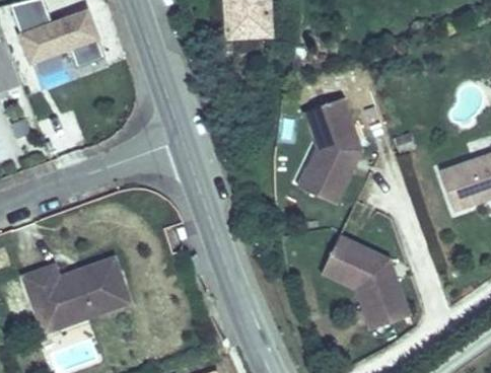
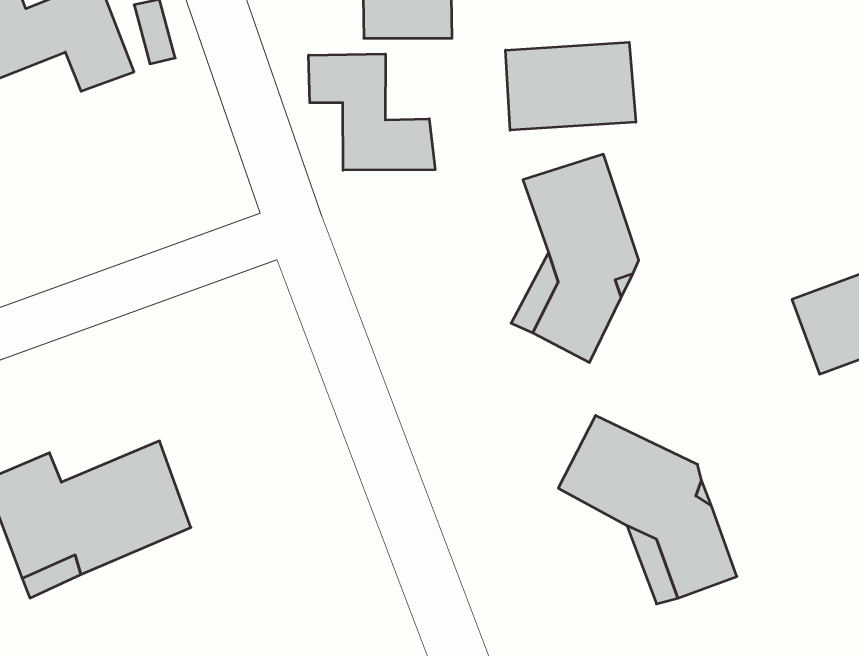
building: none -> [506,42,636,130]
building: none -> [309,54,435,170]

